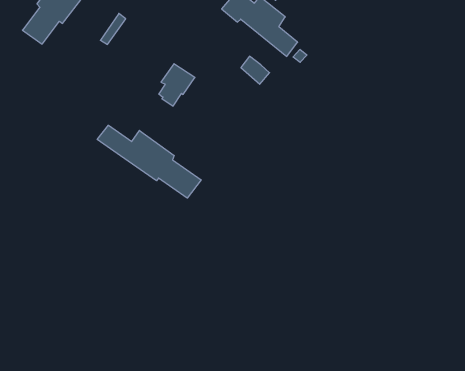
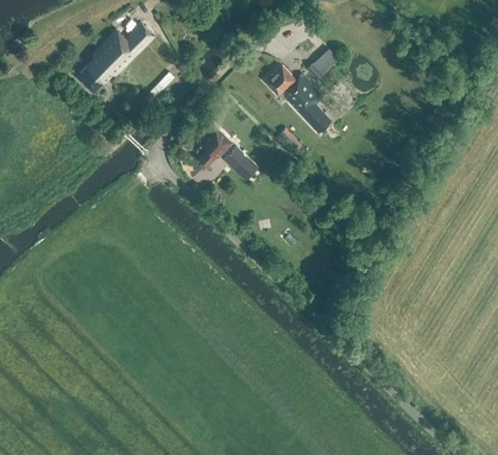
building: none -> [226,148,259,181]
building: [97,125,201,198] -> none

